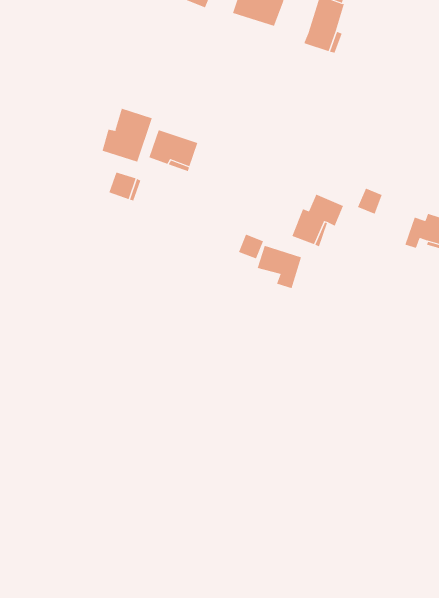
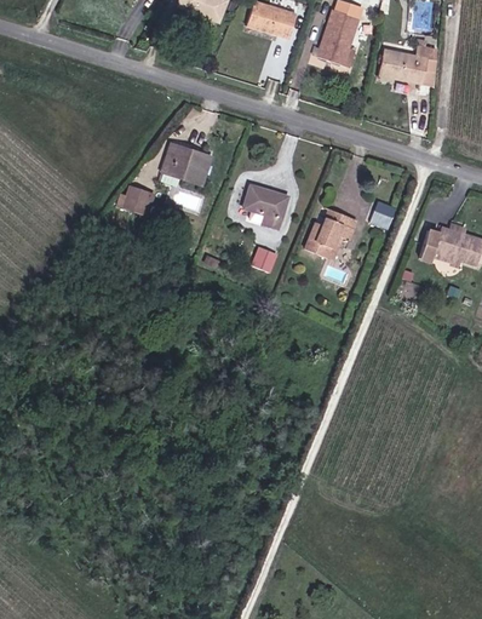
building: none -> [378,45,436,86]
building: [102,108,153,163] -> none
building: [257,245,302,289] -> [243,185,288,229]

